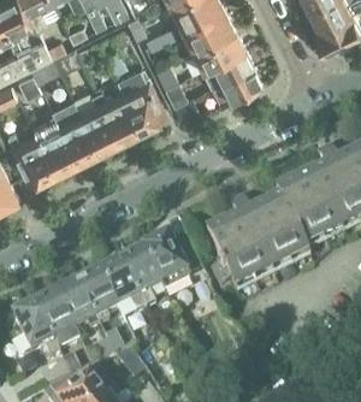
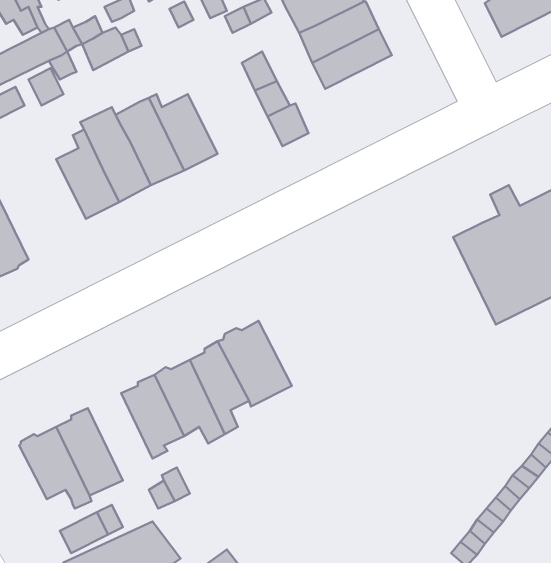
building: [212,65,265,104] -> none
building: [118,69,166,129] -> none
building: [10,130,57,183] -> none
building: [207,183,322,290] -> none
building: [58,284,100,333] -> none

